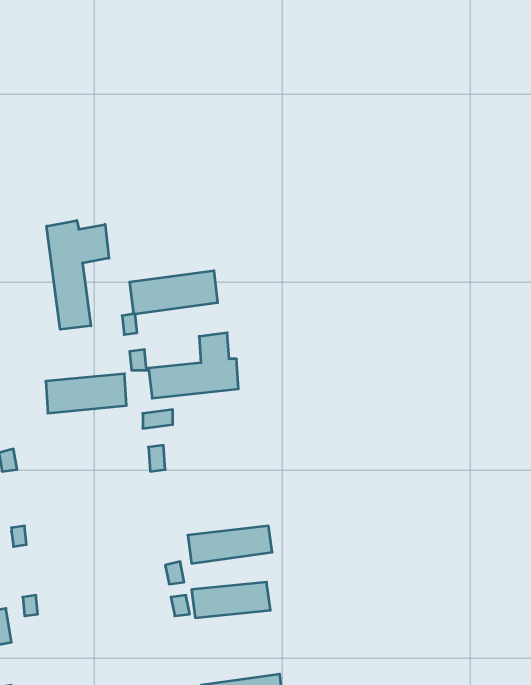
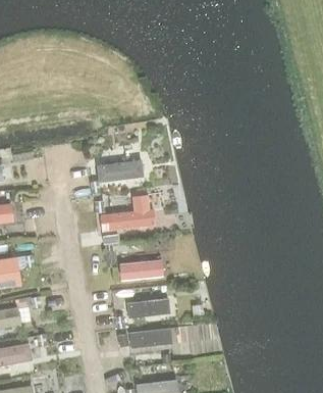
building: [47,220,109,329] -> none
building: [46,374,126,413] -> [119,259,163,281]

